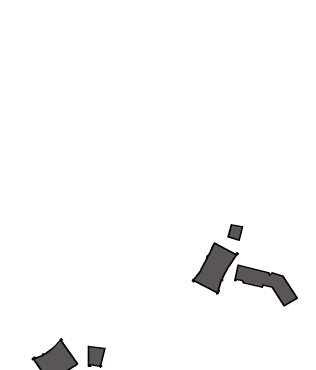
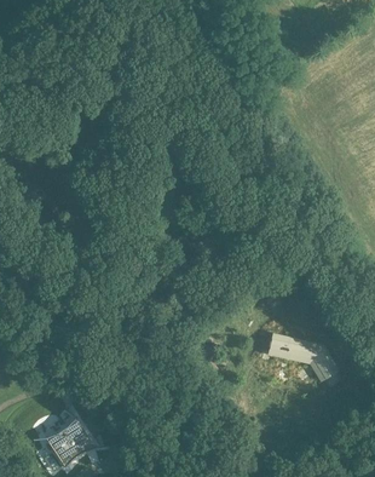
building: [192,243,238,294] -> none

